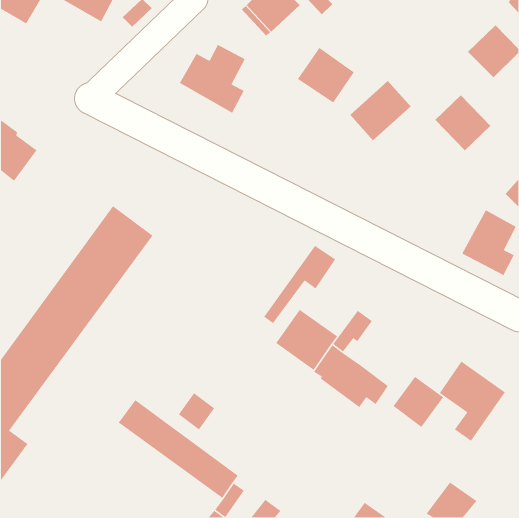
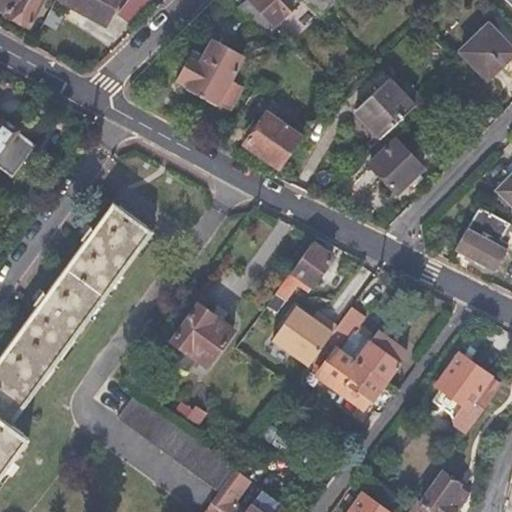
building: [297,47,355,104] -> [244,113,301,169]
building: [434,94,491,151] -> [366,136,422,192]
building: none -> [171,304,232,364]
building: [392,376,444,428] -> [355,329,406,380]

